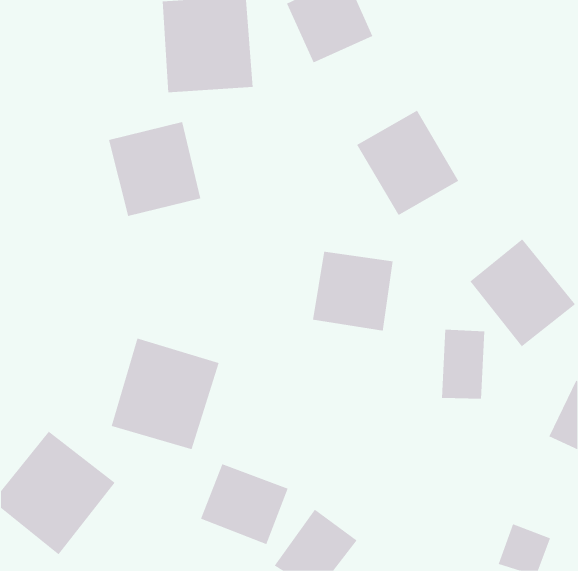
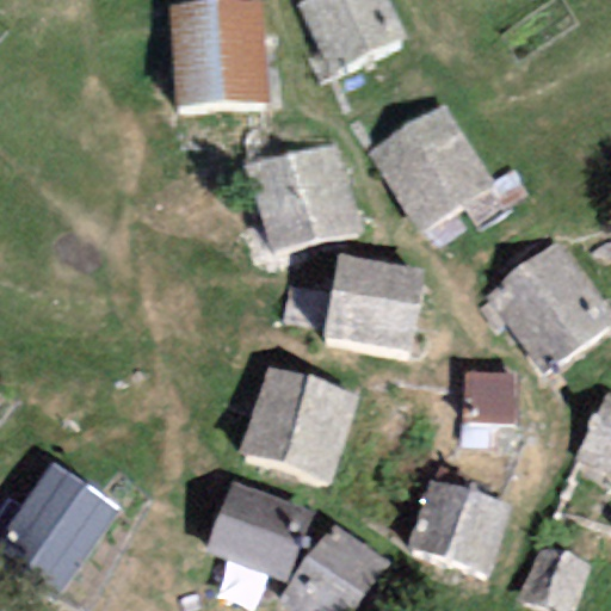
building: [108,122,201,217] -> [255,148,353,248]
building: [111,338,219,450] -> [237,364,352,482]
building: none -> [412,487,502,570]

